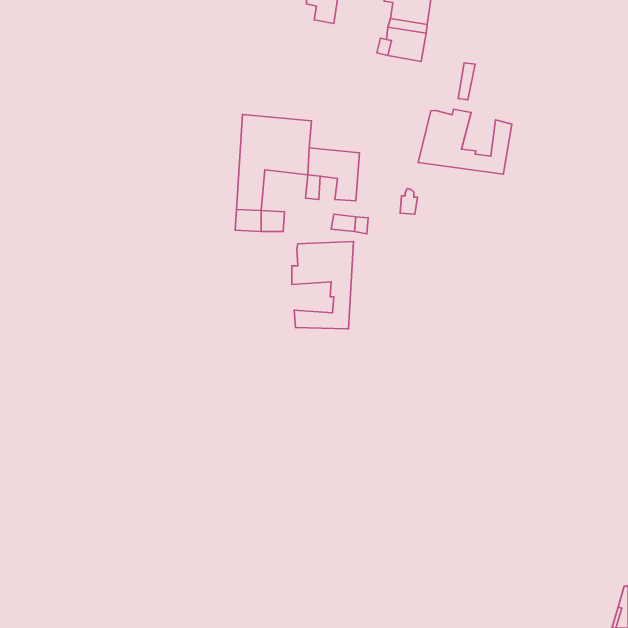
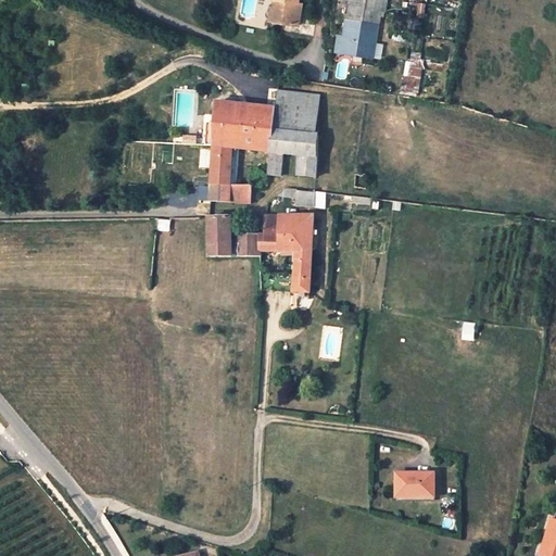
building: none -> [273,91,319,135]
building: [418,109,512,174] -> none
building: none -> [208,216,257,255]
building: none -> [399,471,438,498]

